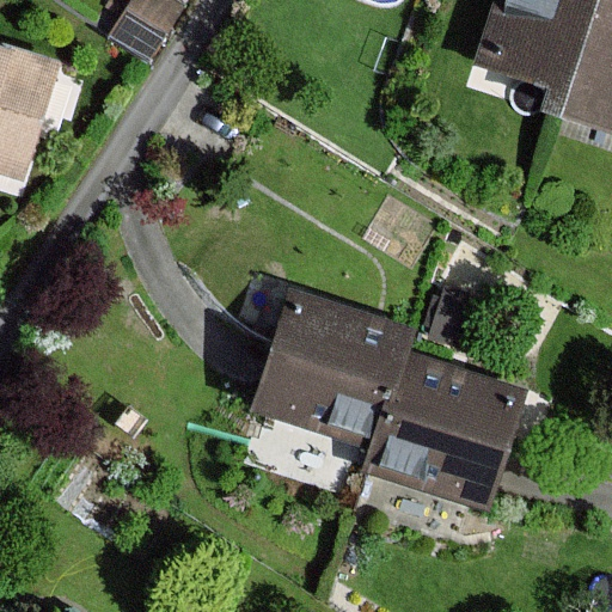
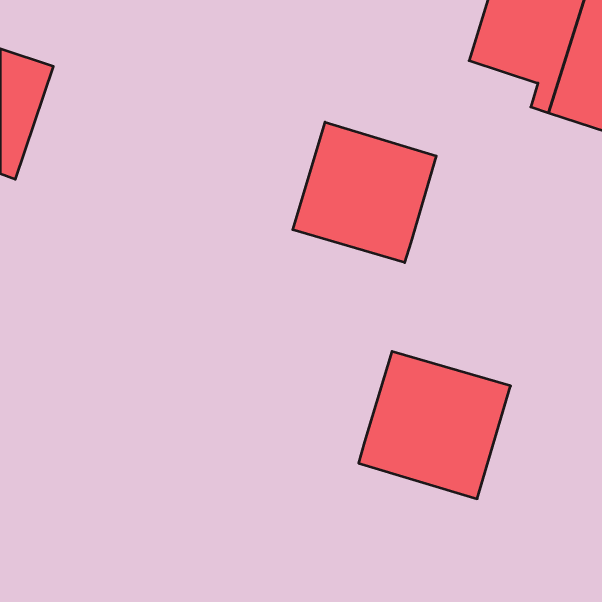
building: none -> [293,122,436,263]
building: [252,294,406,445] -> none

